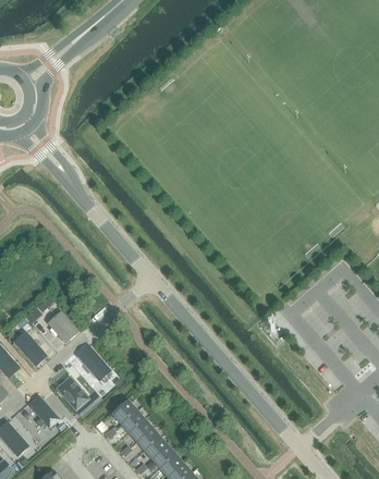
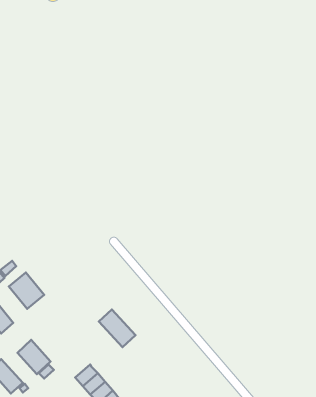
building: [77,345,114,383] -> [99,310,135,347]

